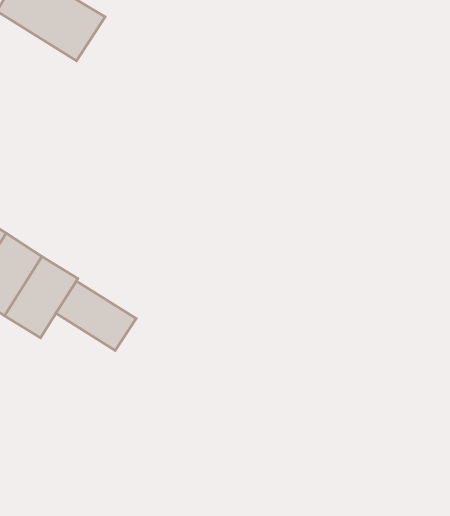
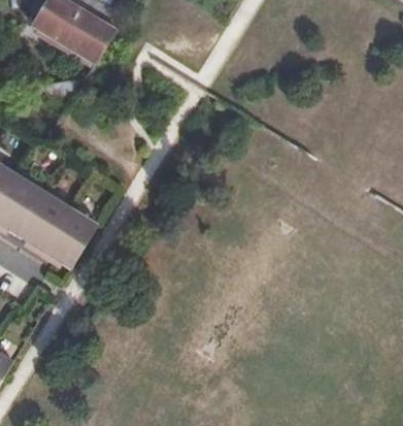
building: [56,281,136,351] -> none

